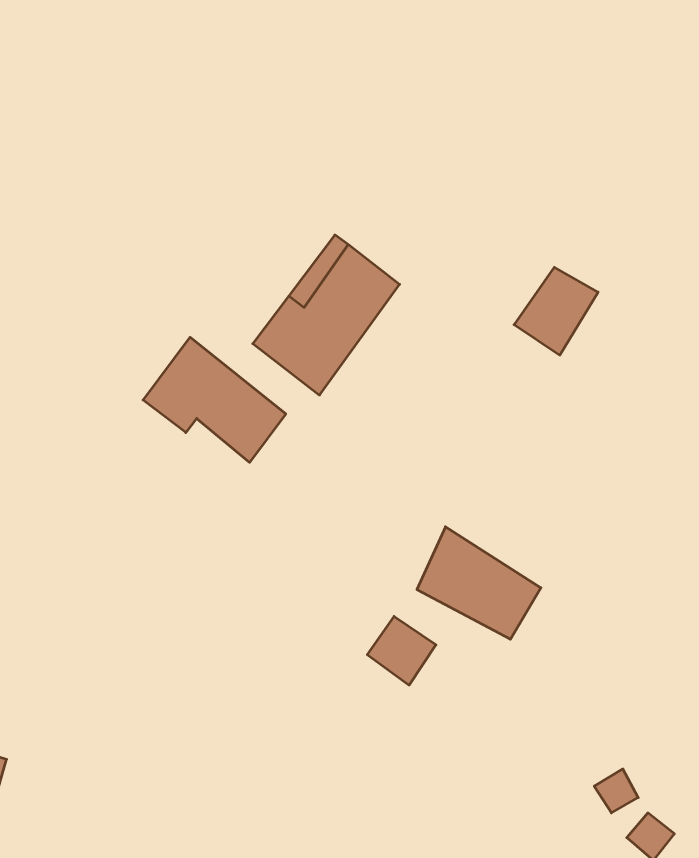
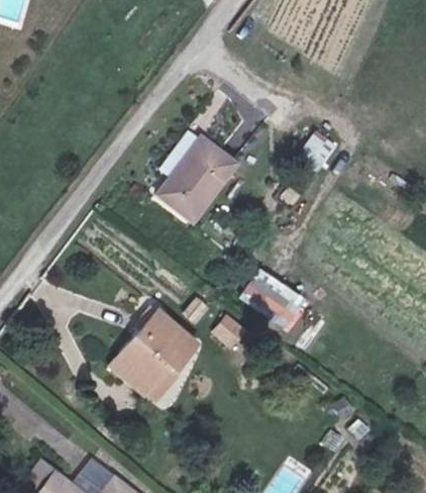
building: [143,337,286,462] -> none
building: none -> [110,307,196,393]

